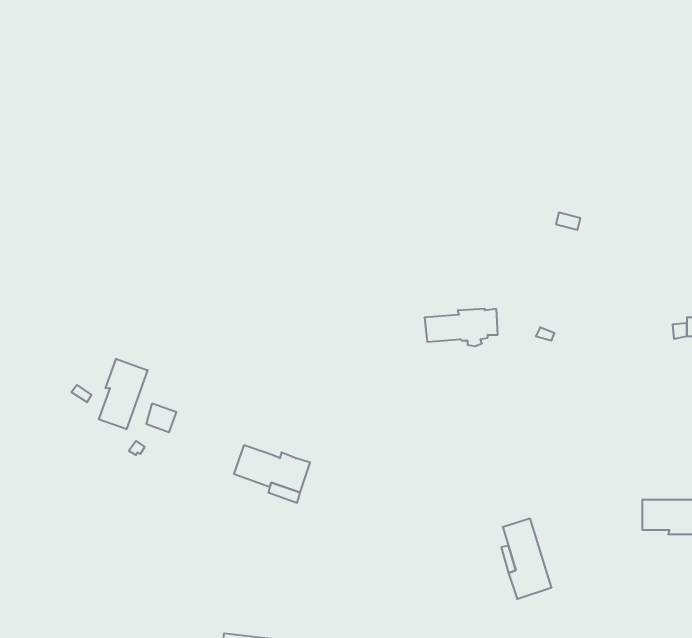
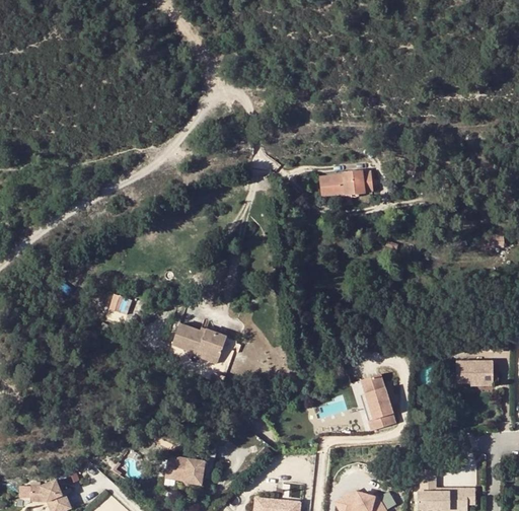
building: [424,309,498,346] -> [319,171,371,198]
building: [99,359,148,429] -> none

